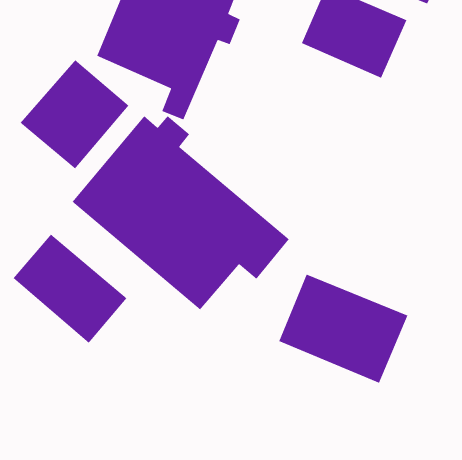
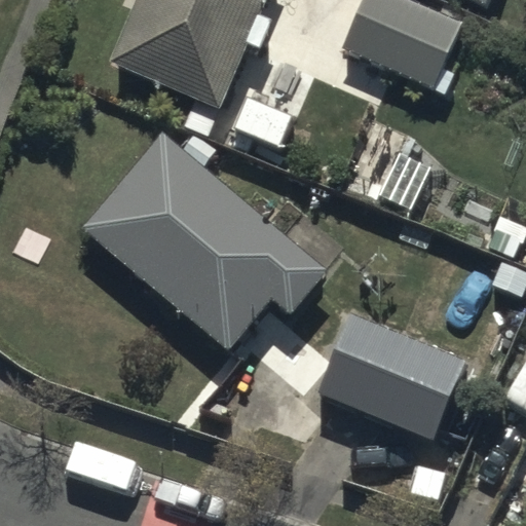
building: [20,59,129,170] -> none
building: [13,233,127,344] -> none

